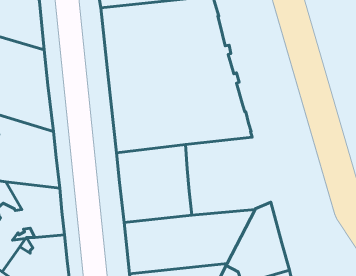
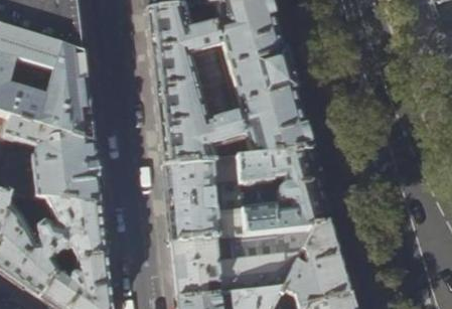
building: none -> [237,151,329,236]

